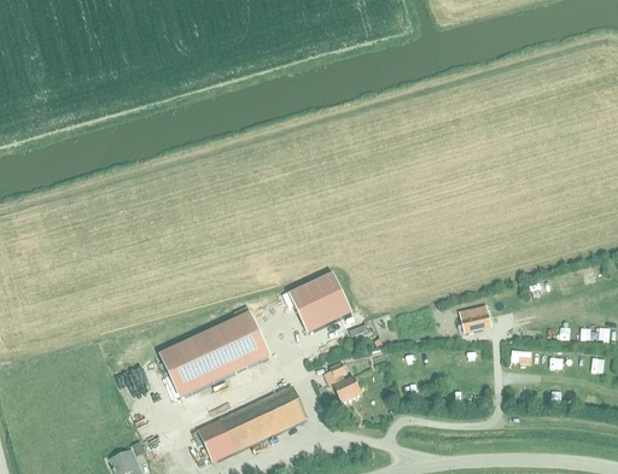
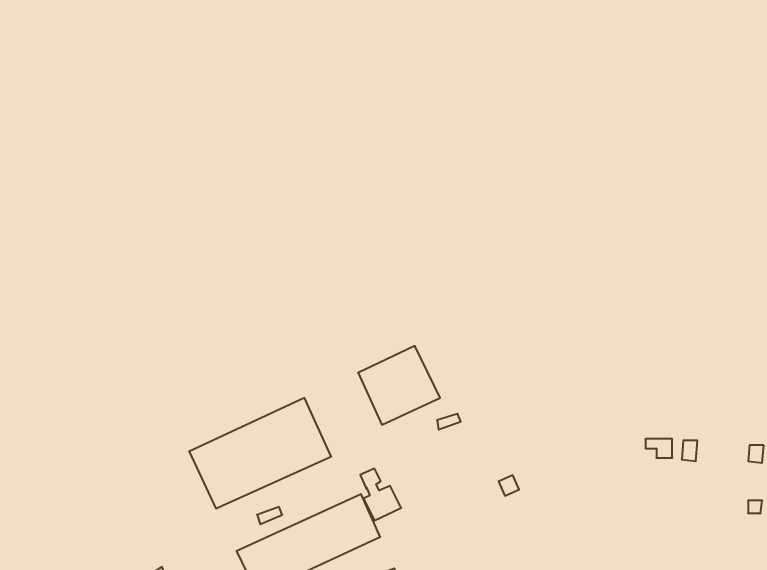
building: [459,305,488,333] -> none
building: [330,363,361,403] -> [360,469,401,521]

